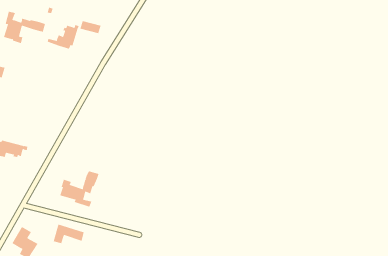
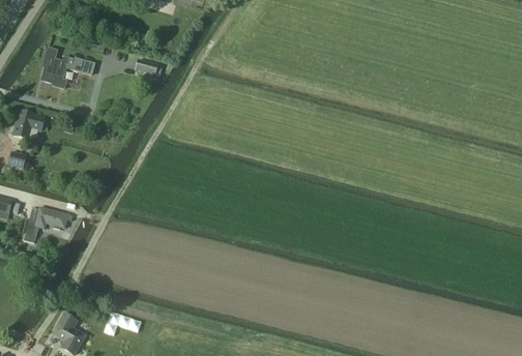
building: [47,24,80,50] -> none
building: [59,170,99,207] -> none

